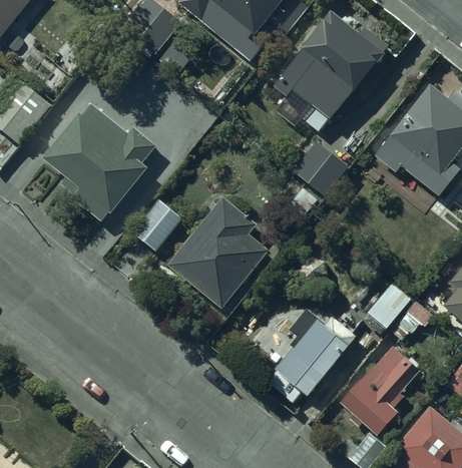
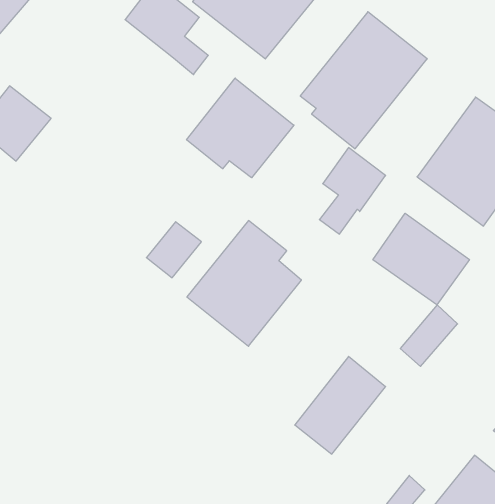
building: none -> [187,78,294,178]
building: [42,103,157,217] -> none
building: none -> [373,213,469,305]
building: [341,337,425,426] -> none

